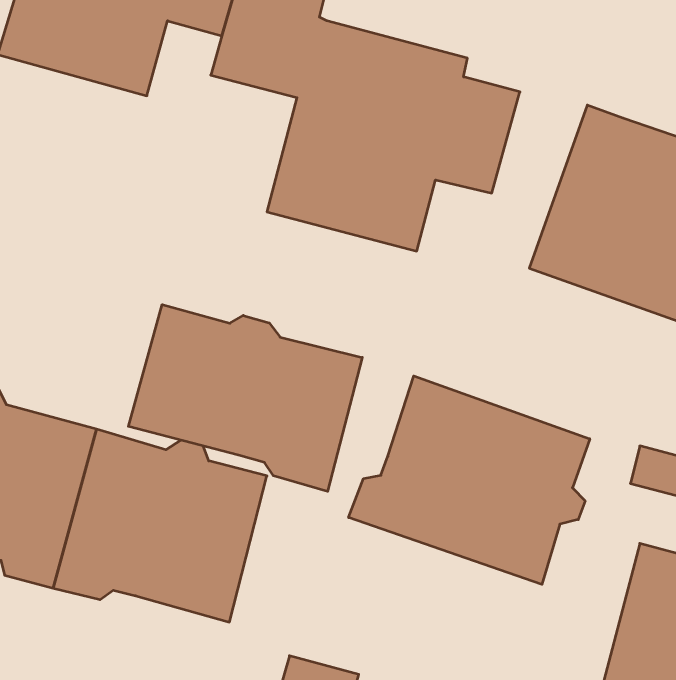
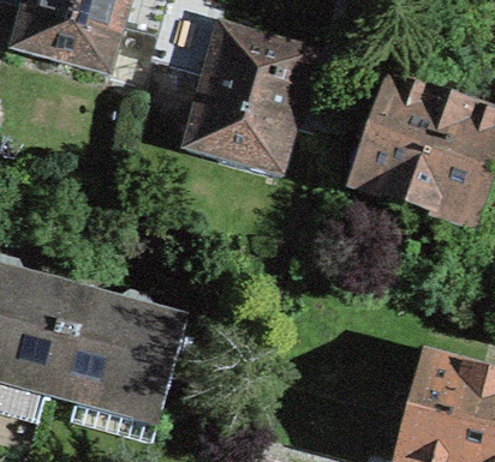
building: [128,305,362,491] -> none
building: [349,376,590,584] -> none

